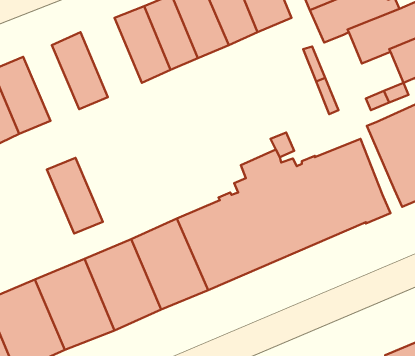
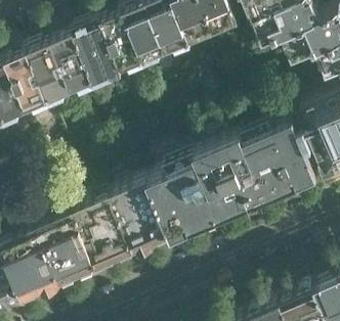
building: none -> [72,22,120,85]
building: [47,158,103,233] -> [27,44,71,103]

